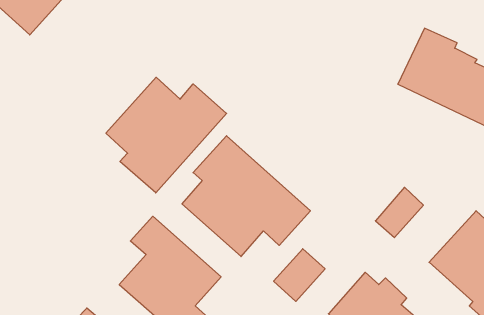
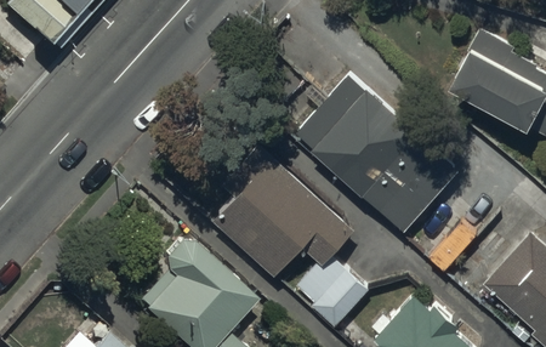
building: none -> [297,79,455,232]
building: [106,77,227,193] -> none

